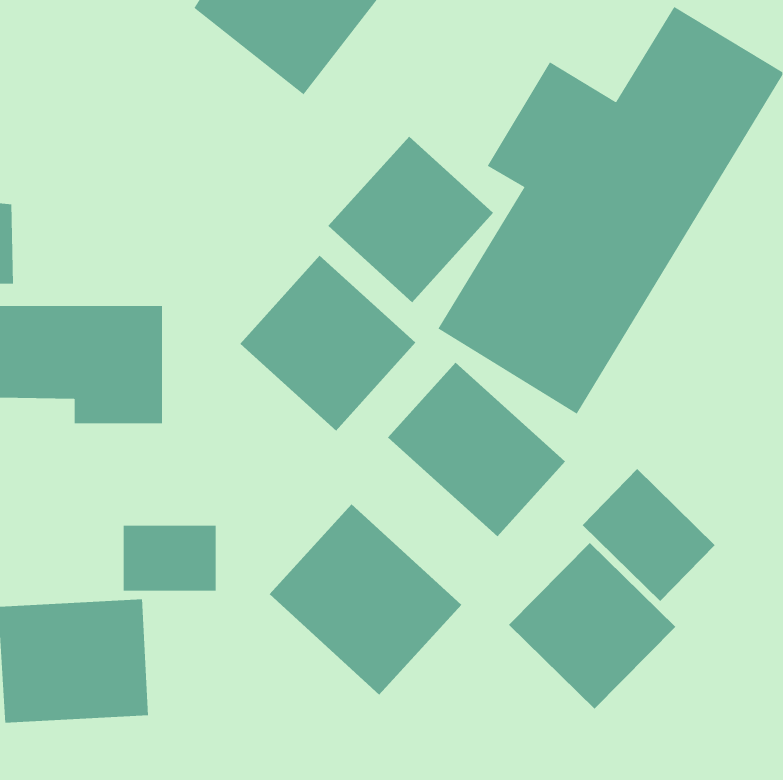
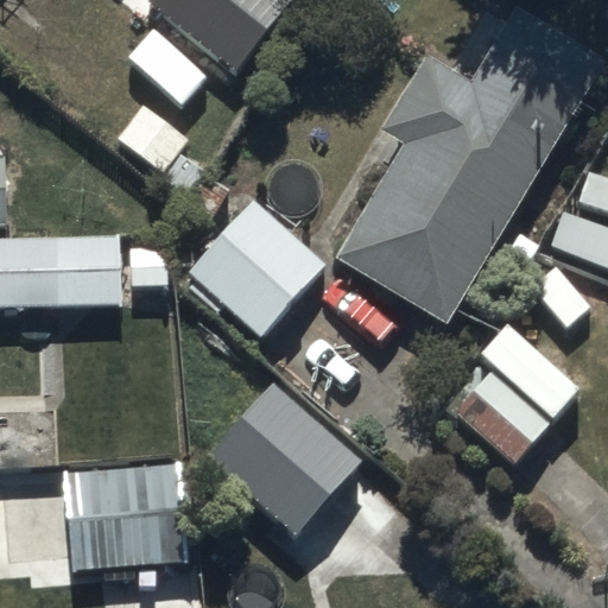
building: [328,136,494,303] -> none
building: [387,362,566,537] -> none
building: [508,542,676,710] -> none

